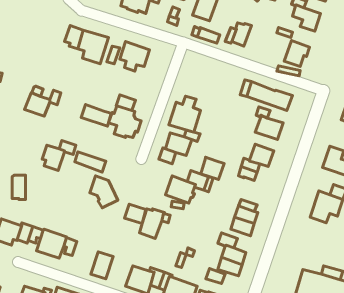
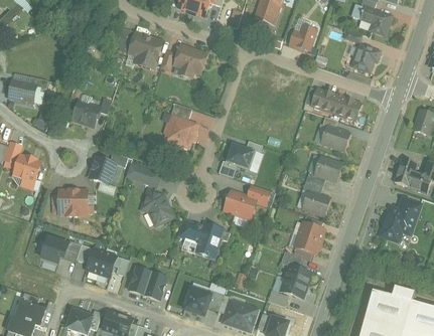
building: [169,96,200,132] -> none
building: [81,105,112,126] -> none
building: [201,157,224,180] -> [303,191,328,215]
building: none -> [73,189,87,215]
building: none -> [127,266,151,296]

